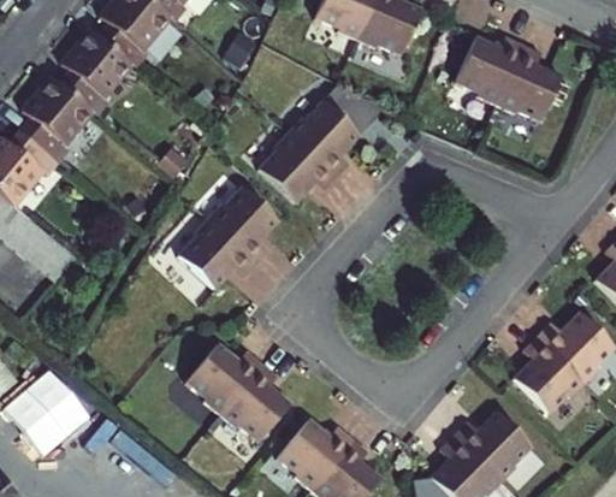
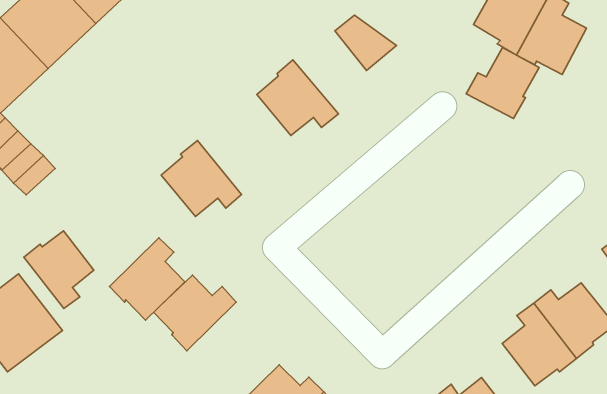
building: none -> [466,48,539,118]
building: [286,101,359,178] -> none
building: [206,185,277,264] -> none
building: none -> [24,231,94,308]
building: [218,365,288,443] -> [109,238,185,320]

